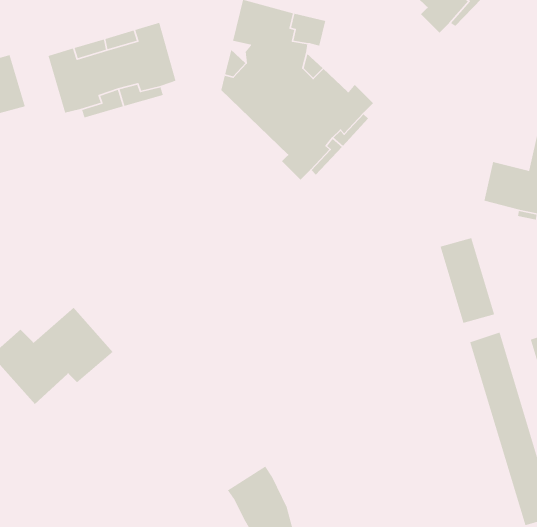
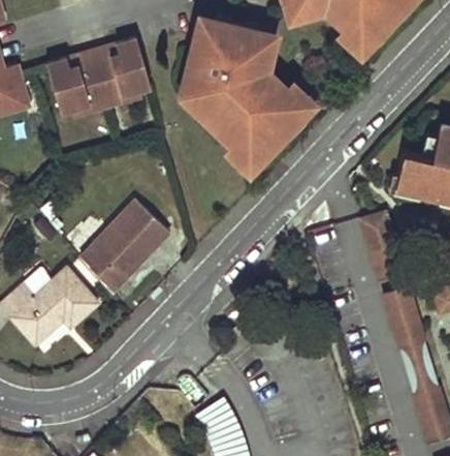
building: none -> [79,200,171,293]

